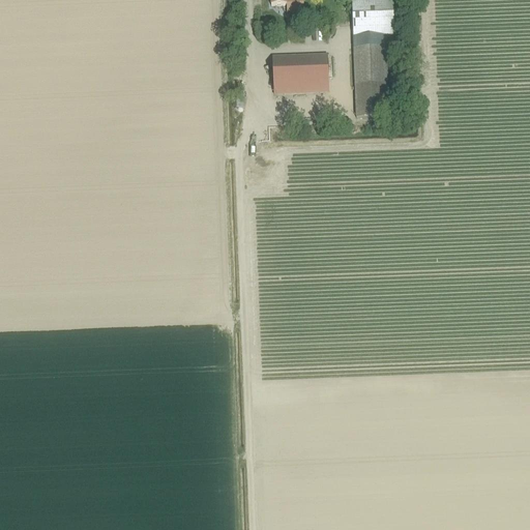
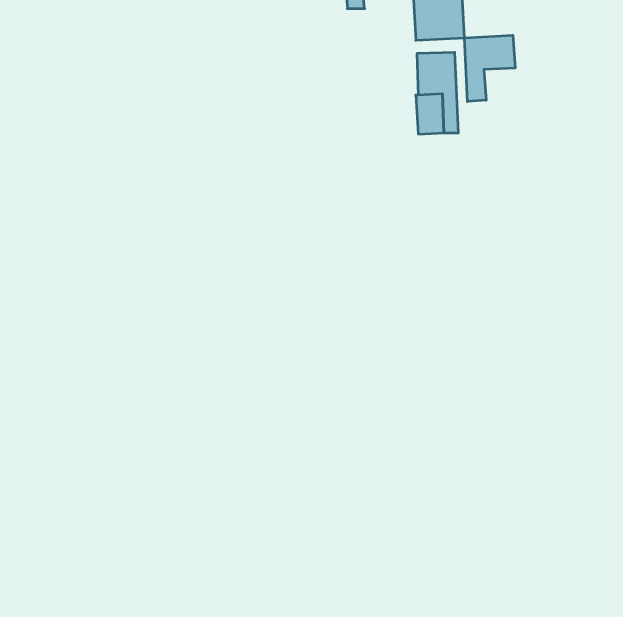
building: none -> [465,35,515,102]
building: [272,52,329,91] -> none

